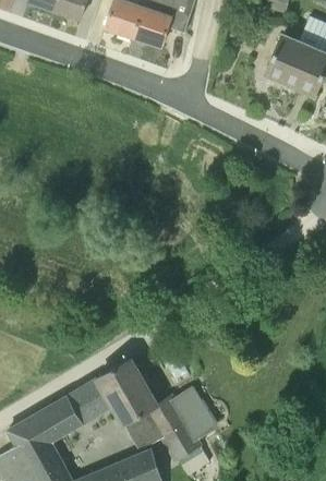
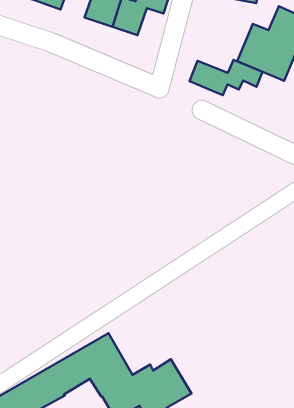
building: none -> [190,60,262,95]

